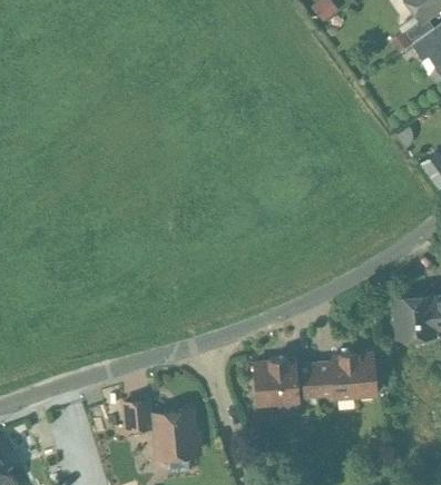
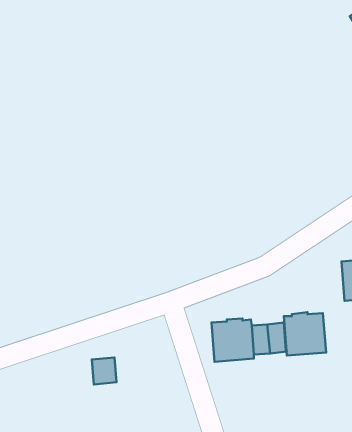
building: [154,412,198,477] -> none

